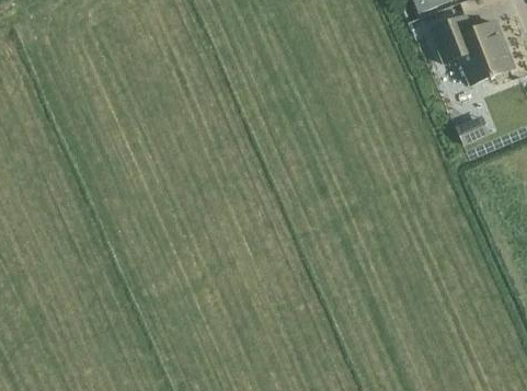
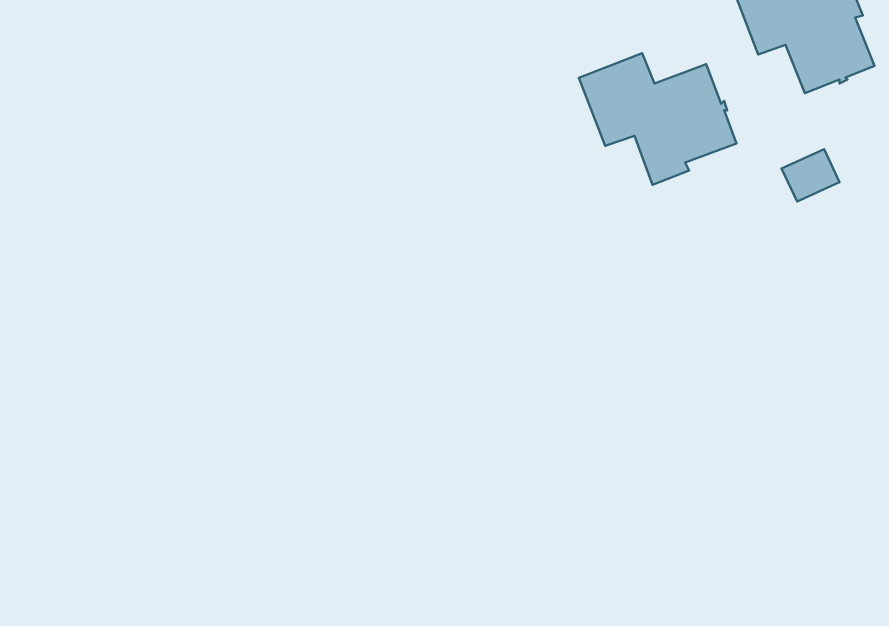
building: none -> [579,53,737,185]

